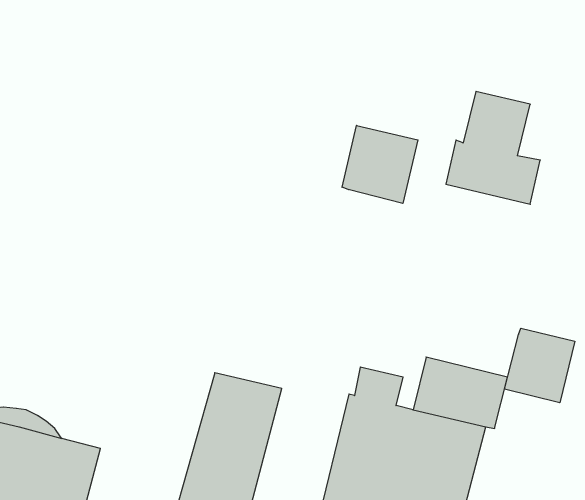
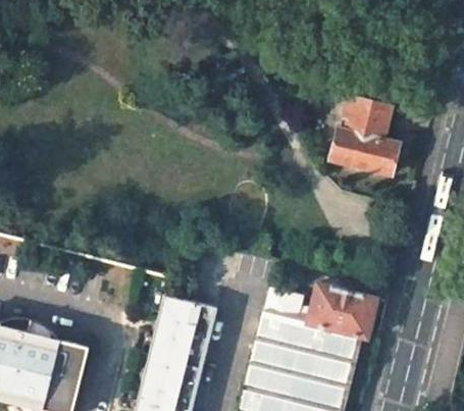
building: [342,125,418,203] -> none
building: [504,328,575,403] -> none

